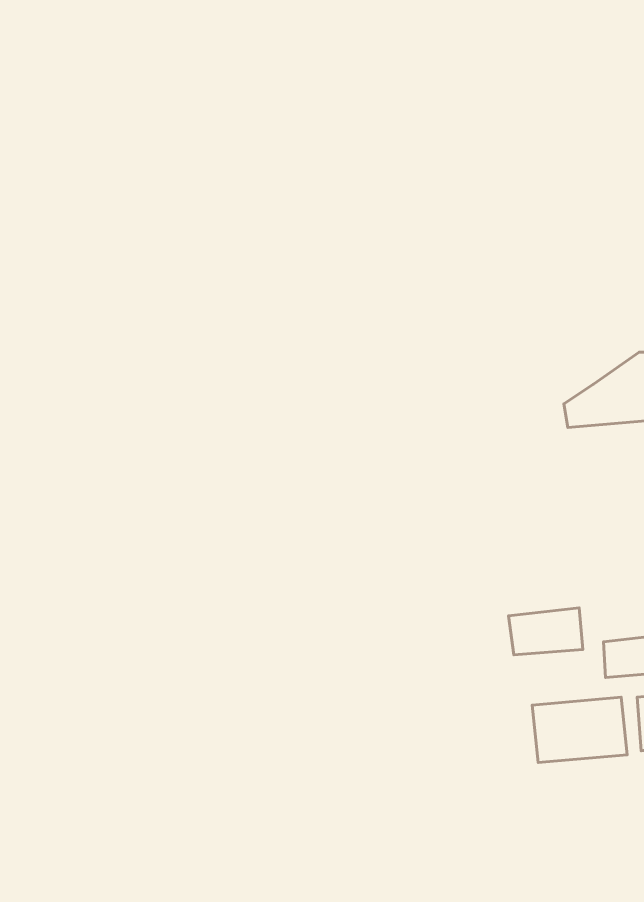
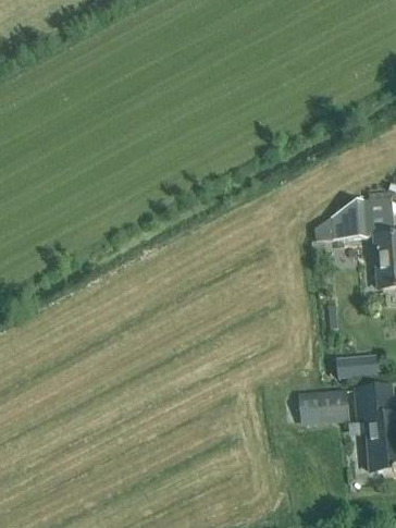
building: [509,608,583,655] -> none

